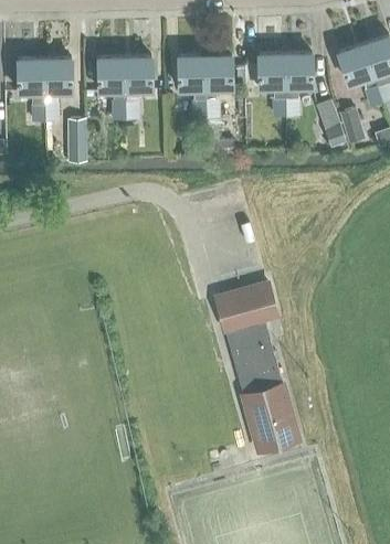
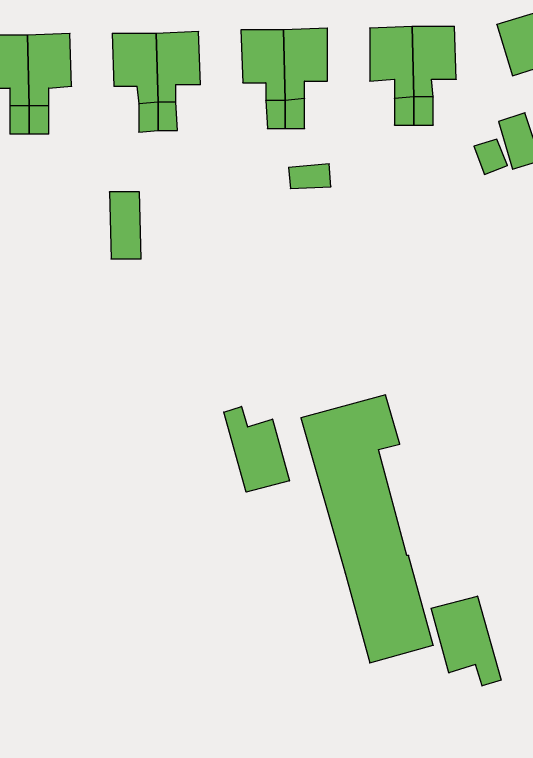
building: [67,119,87,161] -> [109,192,141,259]
building: none -> [224,406,289,492]
building: none -> [431,596,501,686]

